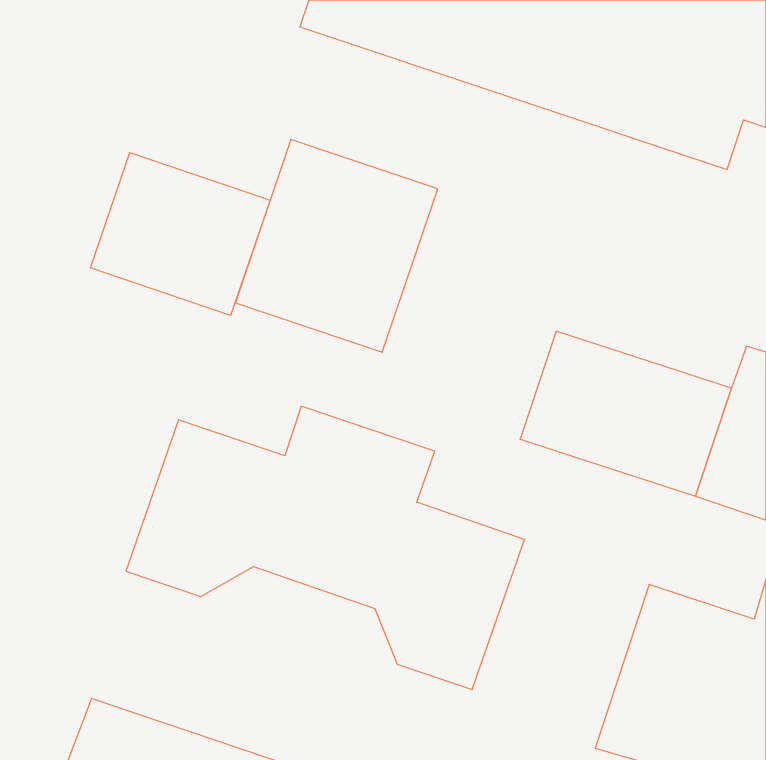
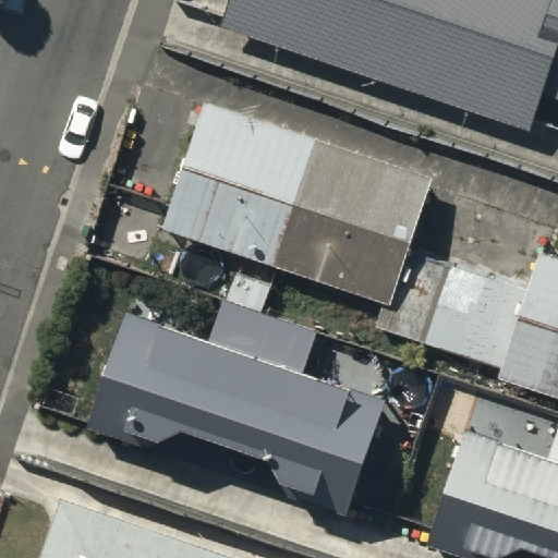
building: [90,153,270,315] -> none
building: none -> [278,142,427,298]

